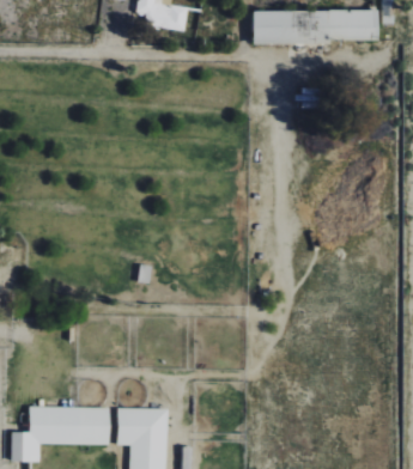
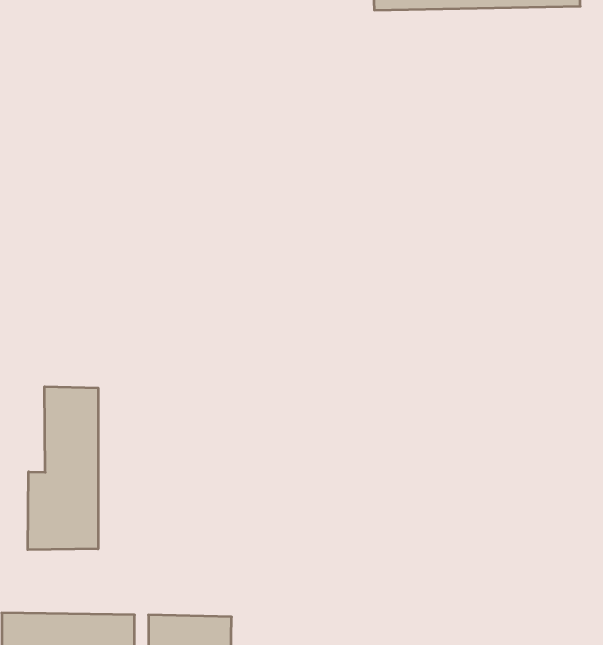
building: none -> [28,387,98,550]

